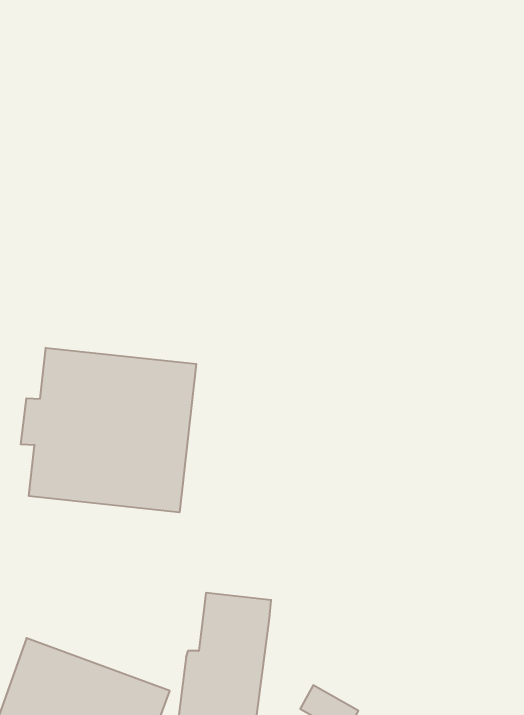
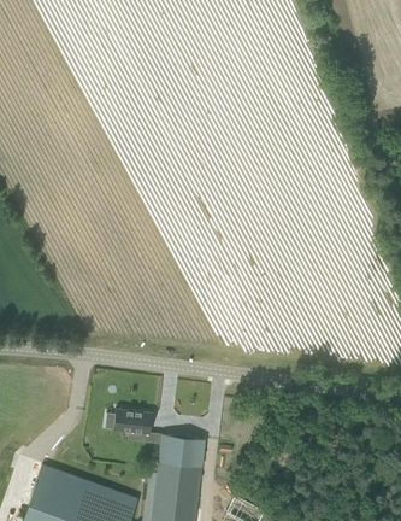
building: [21,348,196,512] -> none
building: none -> [107,409,154,433]

